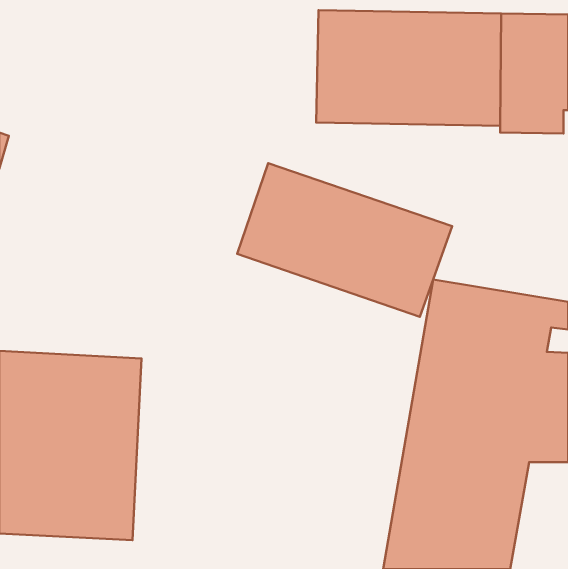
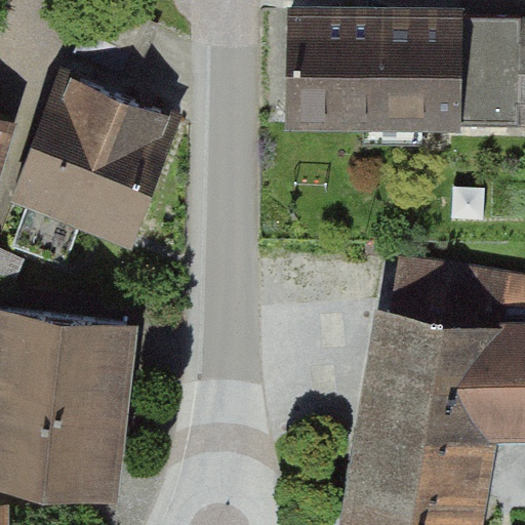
building: none -> [12,78,180,246]
building: [237,163,452,317] -> none

